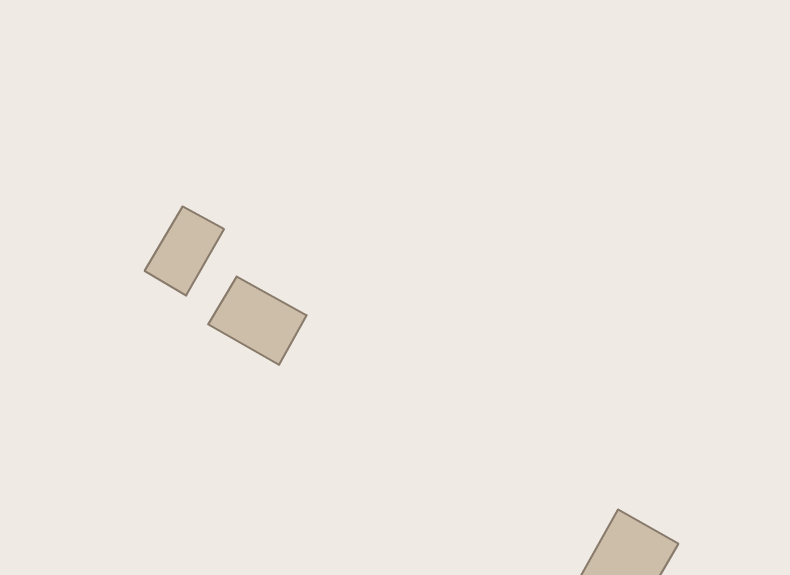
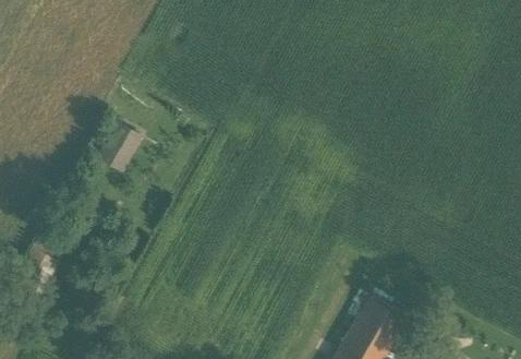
building: [208,276,307,365] -> none

